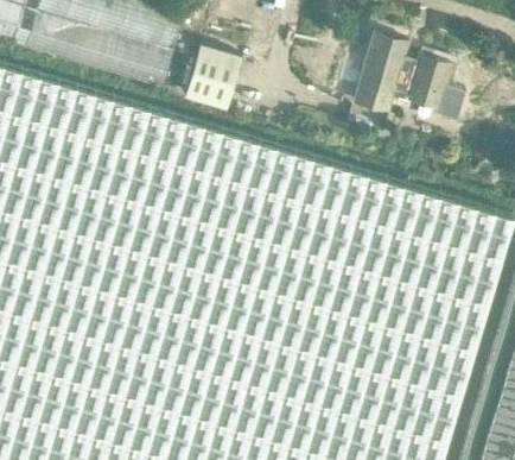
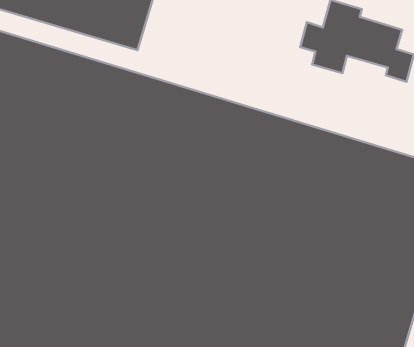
building: [183,46,240,111] -> none

